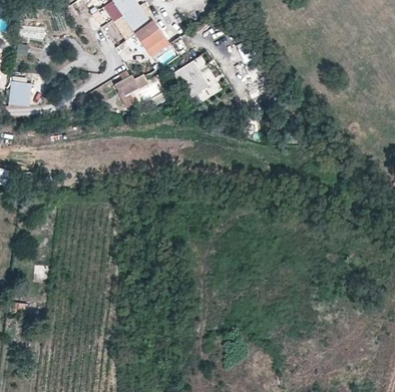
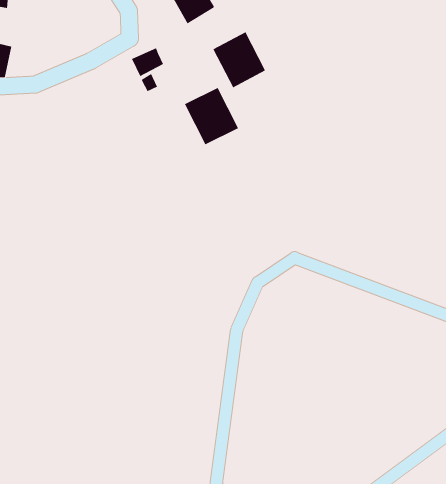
building: none -> [184,87,239,145]

